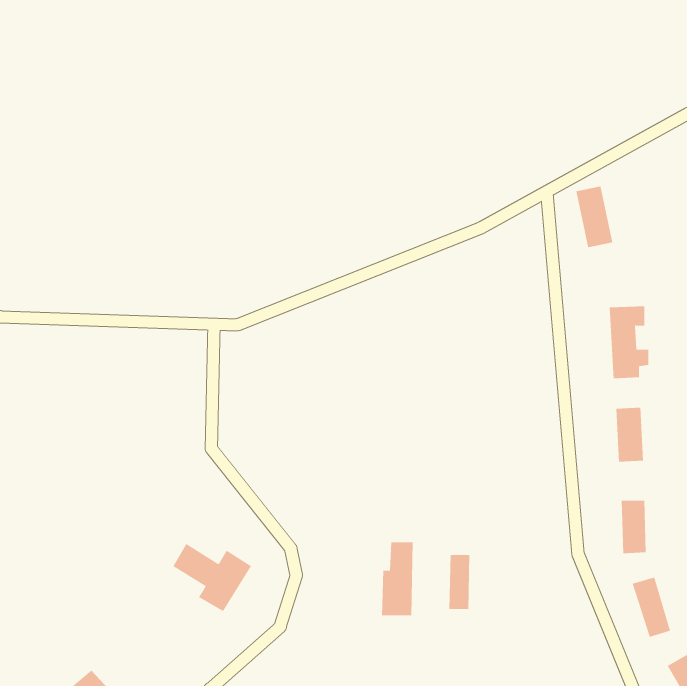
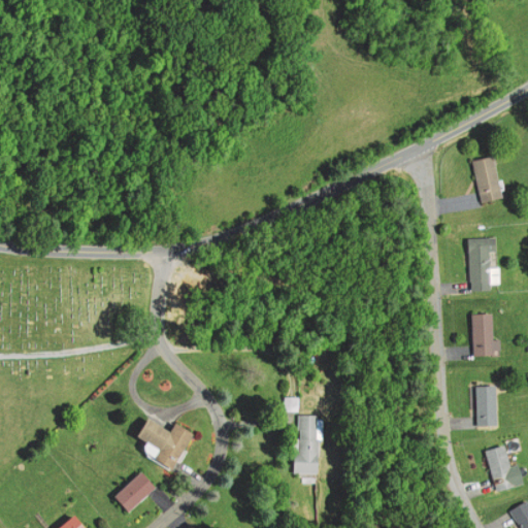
building: [576,186,613,248] -> [473,156,502,203]
building: [449,554,470,610] -> none
building: none -> [118,472,159,515]

